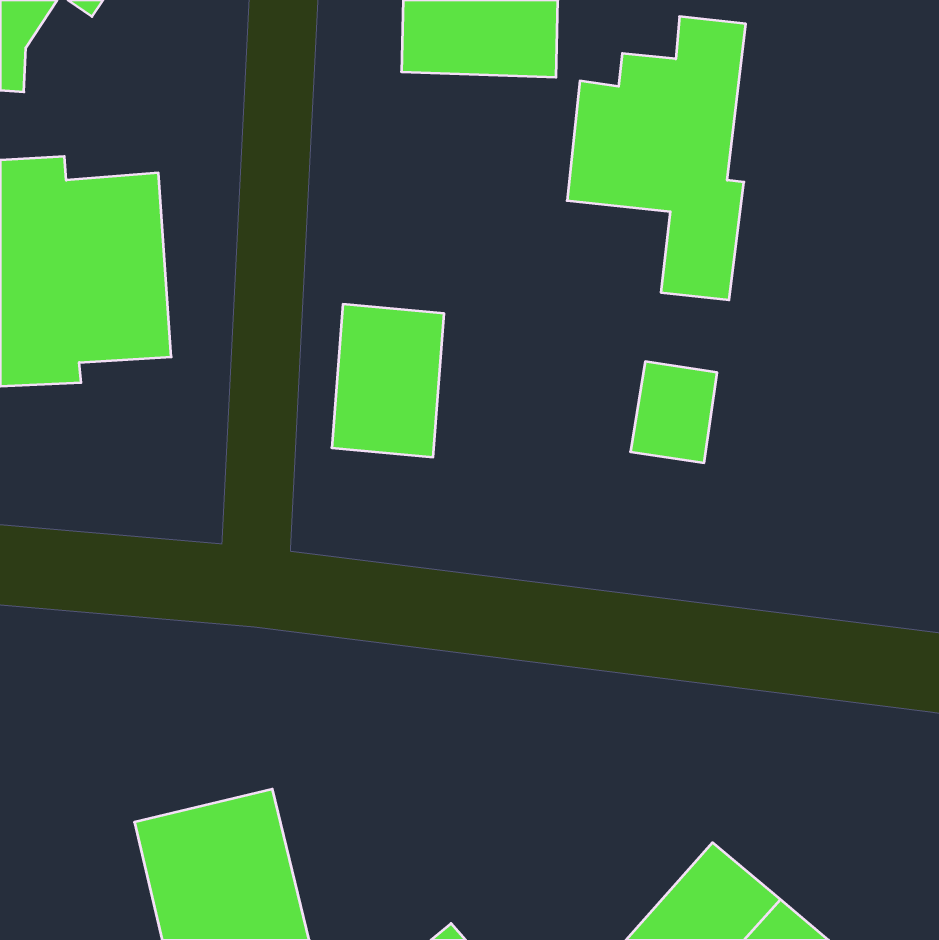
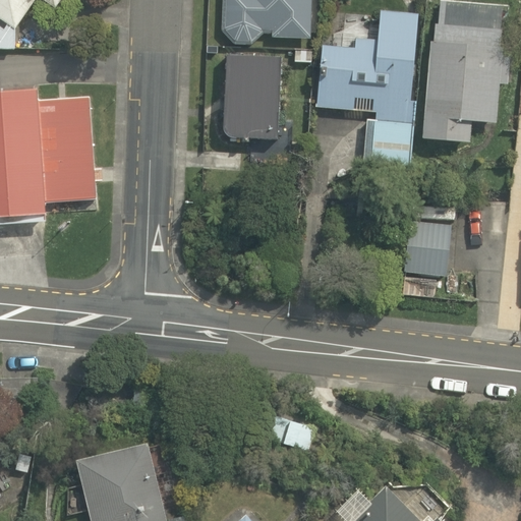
building: none -> [420,20,505,143]
building: [332,304,444,457] -> [223,55,285,139]
building: [630,362,717,463] -> [404,218,452,274]

